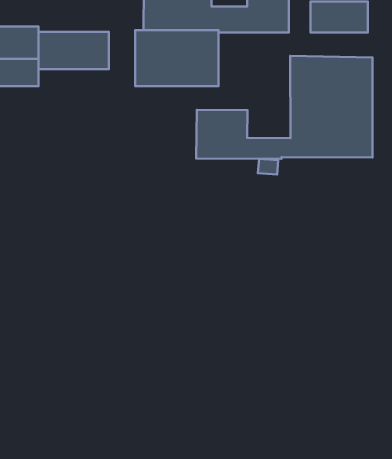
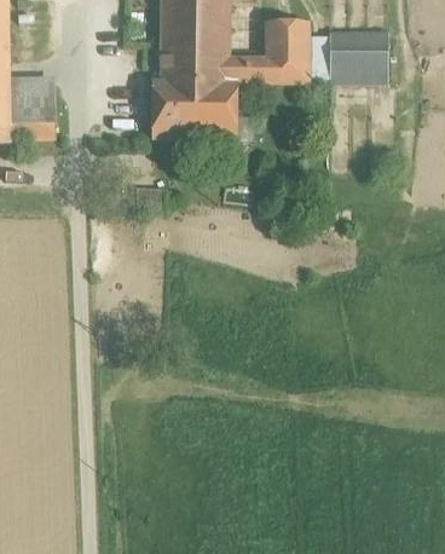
building: [38,32,109,69] -> none
building: [196,56,373,159] -> none

